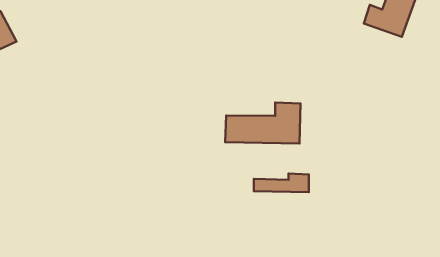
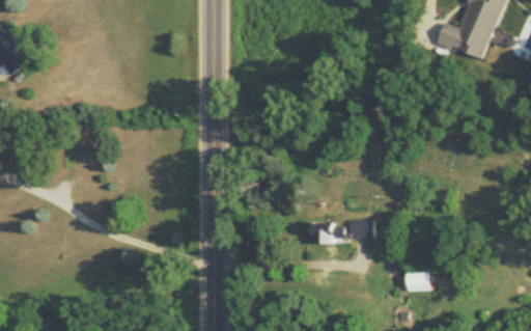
building: [225,103,301,144] -> none
building: none -> [406,267,429,292]

